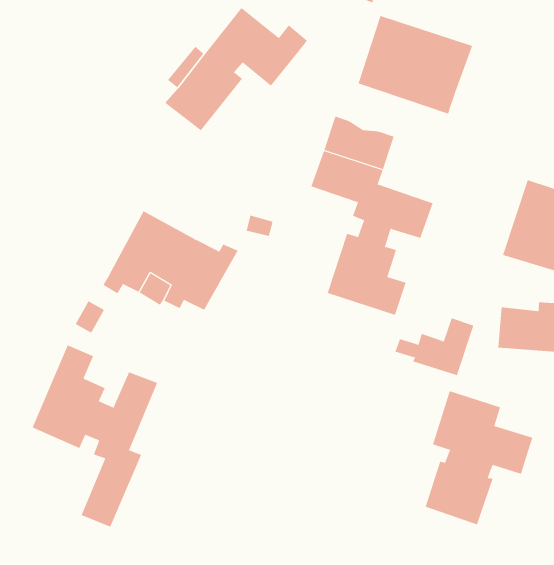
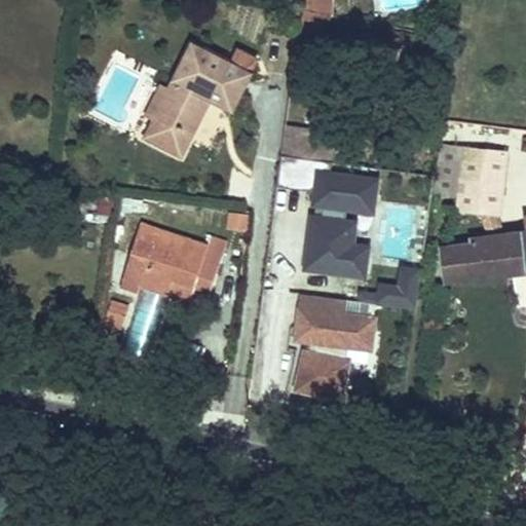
building: [358,15,473,114] -> none
building: [32,345,158,527] -> none
building: [425,390,533,525] -> [292,290,371,392]

